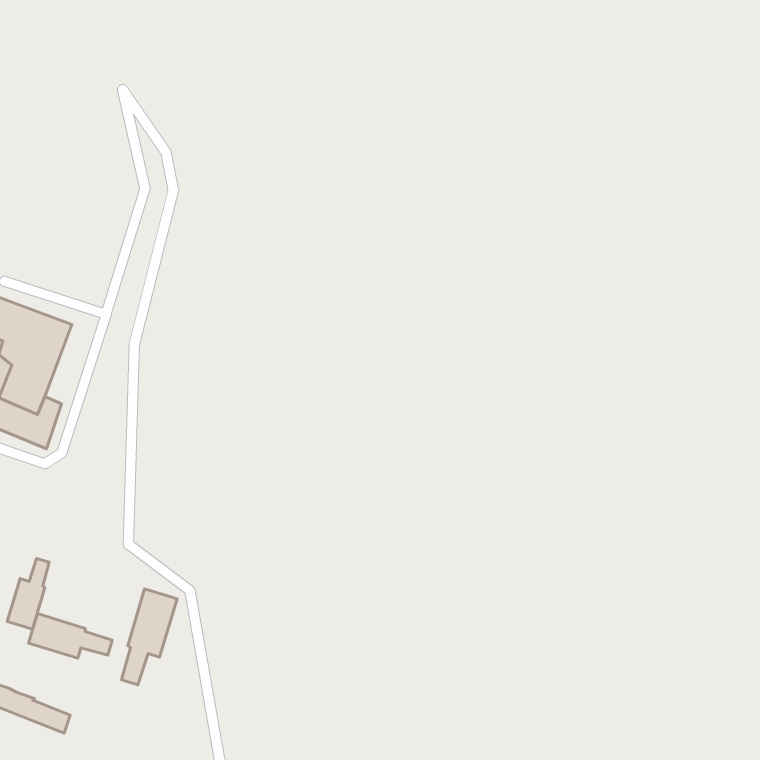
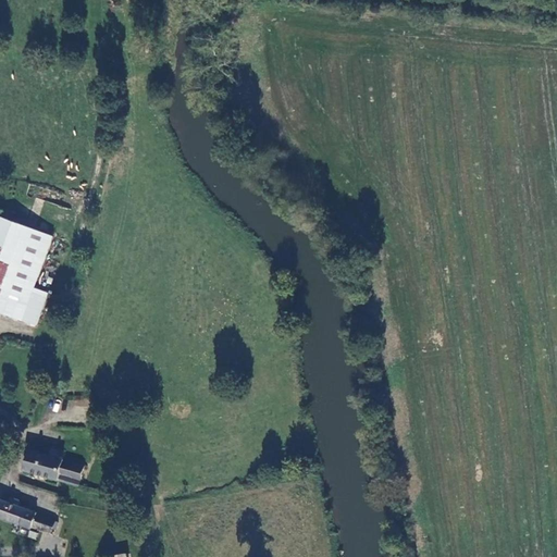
building: [7,558,49,629] -> none
building: [122,589,177,685] -> none

